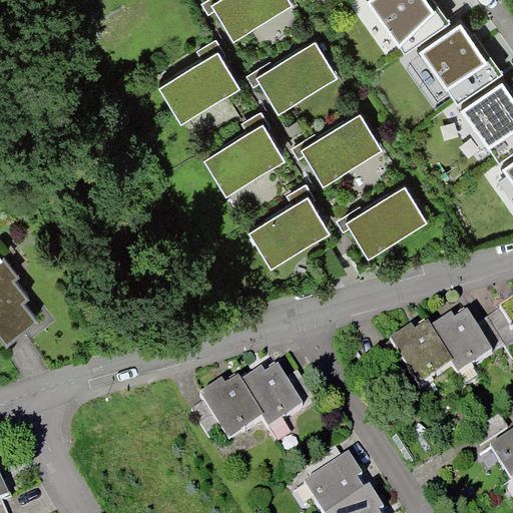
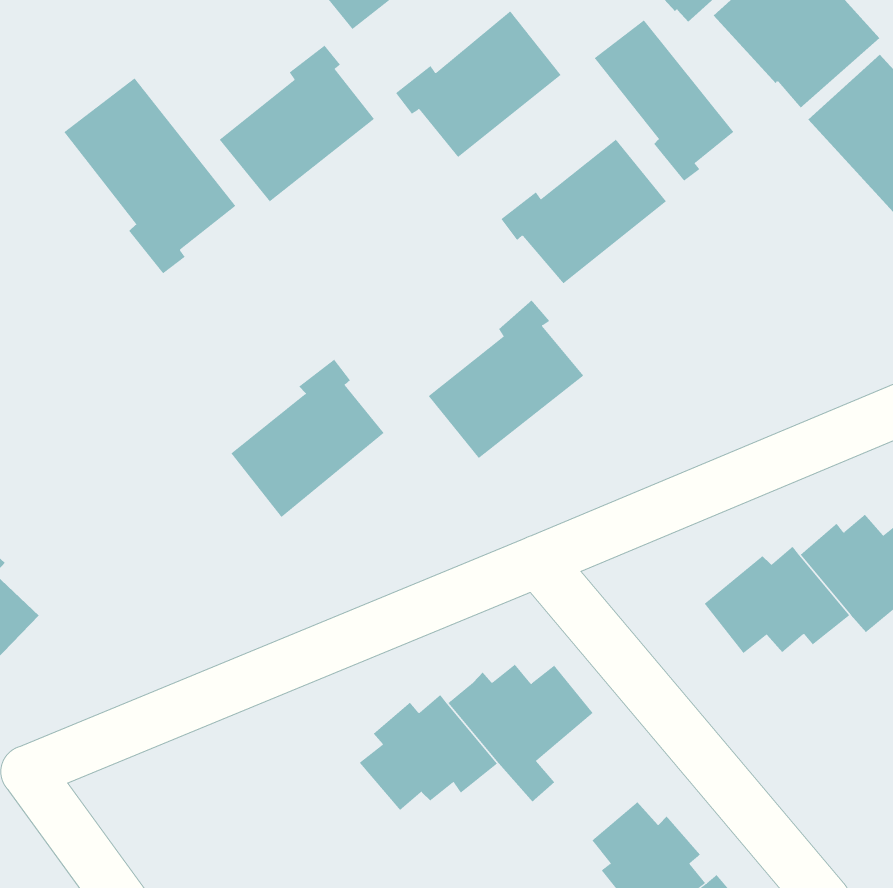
building: none -> [63,78,236,274]
building: none -> [594,19,734,182]
building: [204,117,285,195] -> [230,359,385,518]
building: [341,184,428,255] -> none

